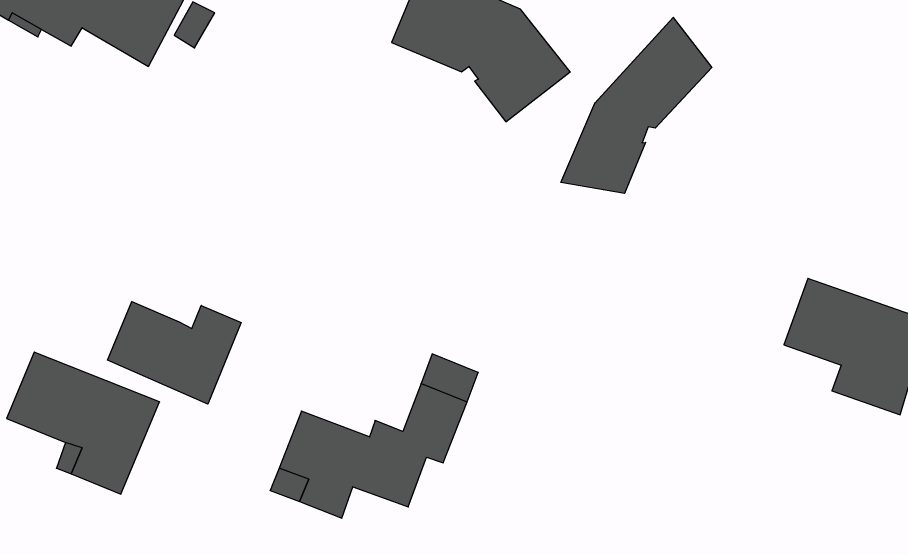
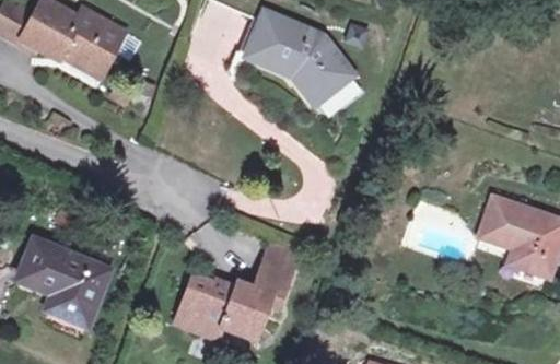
building: [561,17,712,193] -> none
building: [107,302,241,404] -> none

